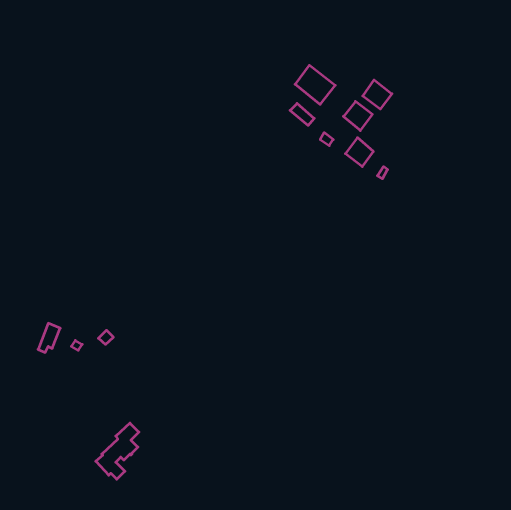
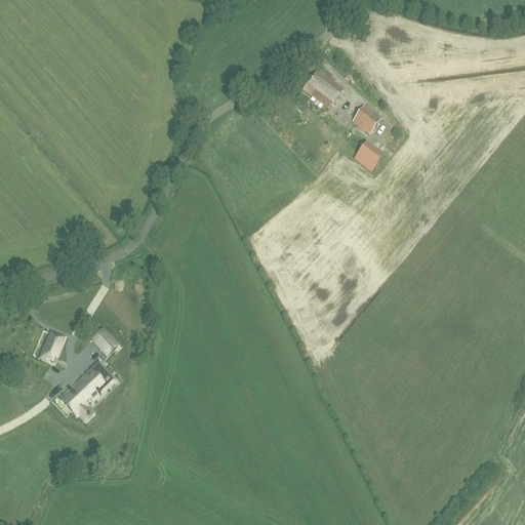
building: [363,80,392,109] -> none
building: [96,423,139,479] -> [62,362,106,419]

